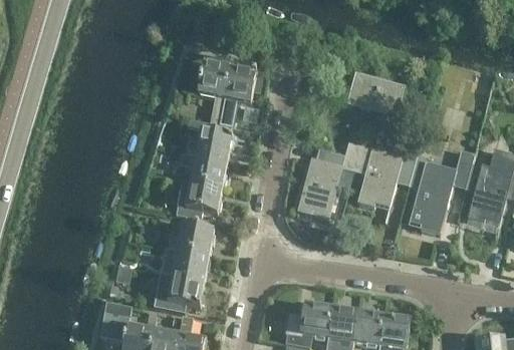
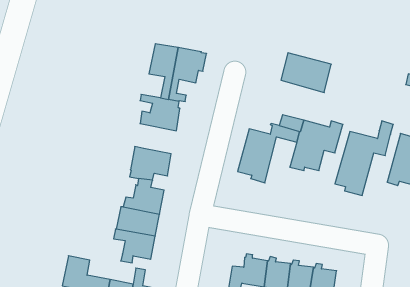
building: [186,152,229,187] -> none

